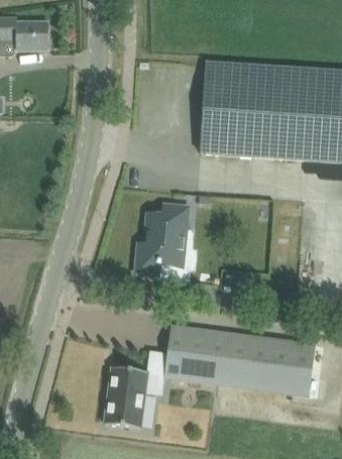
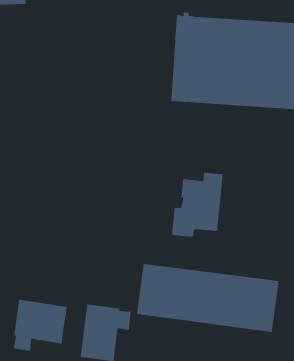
building: [135,205,191,273] -> [171,172,223,237]
building: none -> [13,299,67,352]

